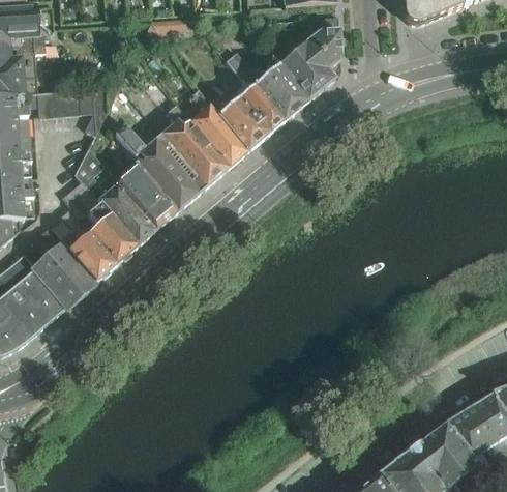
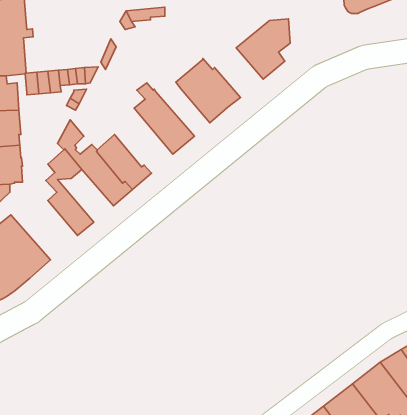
building: [226,54,309,121] -> none
building: [188,89,248,166] -> none
building: [115,125,206,208] -> none
building: [73,204,138,264] -> none
building: [20,227,96,308] -> none

